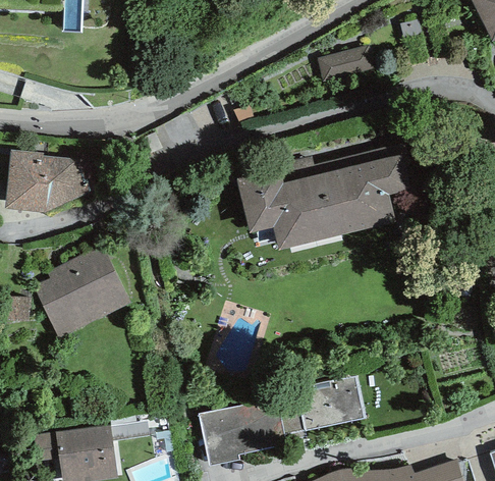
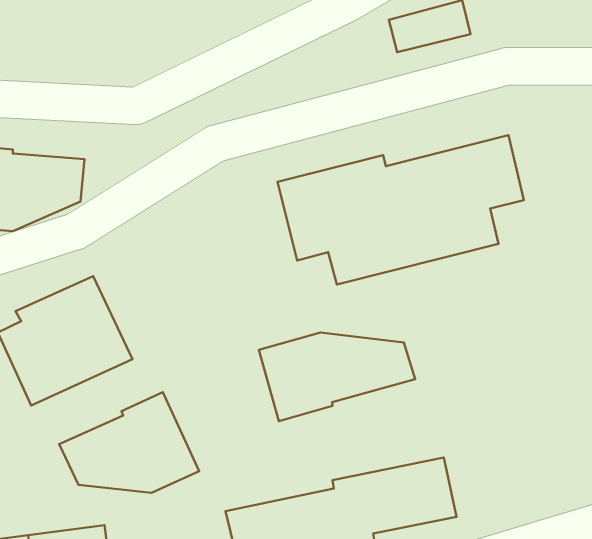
building: none -> [259,333,415,421]
building: none -> [59,392,199,493]

